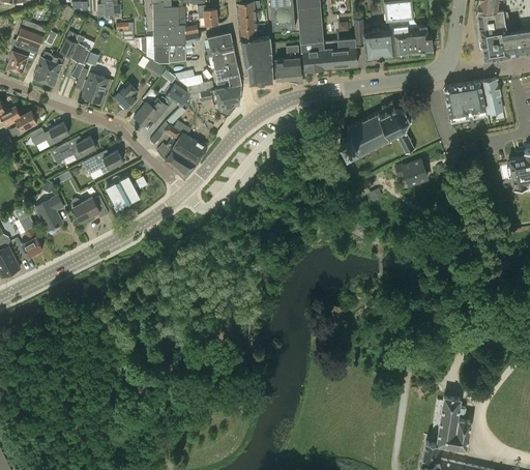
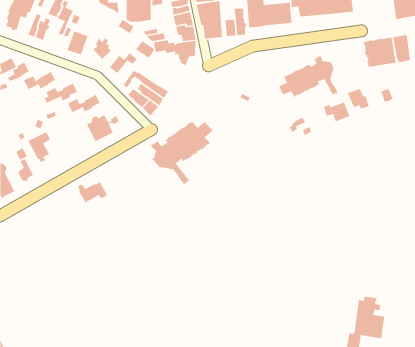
building: none -> [347,88,370,109]
building: none -> [149,121,213,187]
building: [71,196,109,223] -> [77,181,108,203]

